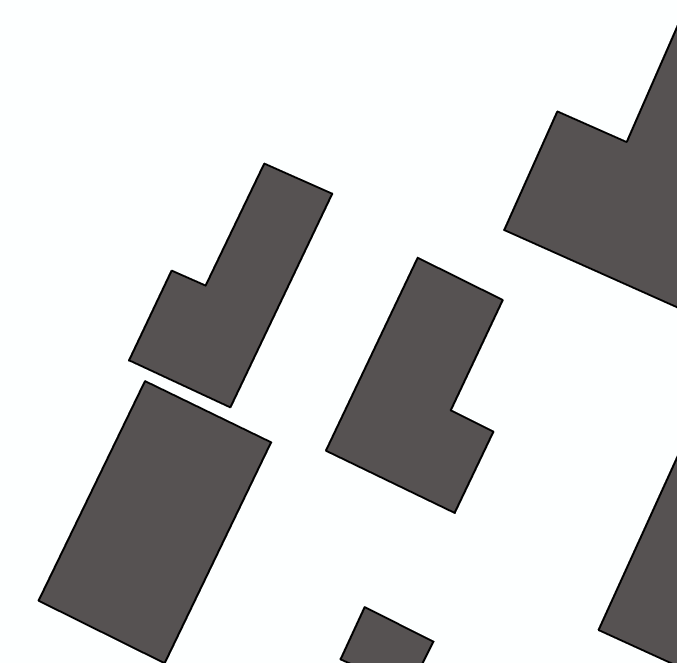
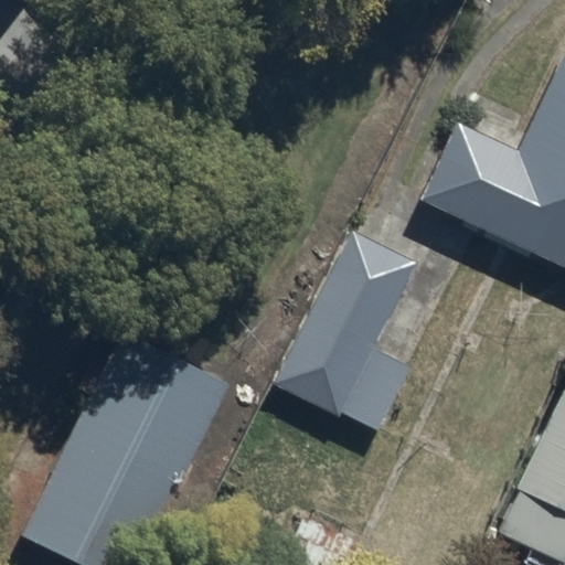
building: [129,164,332,407] -> none

